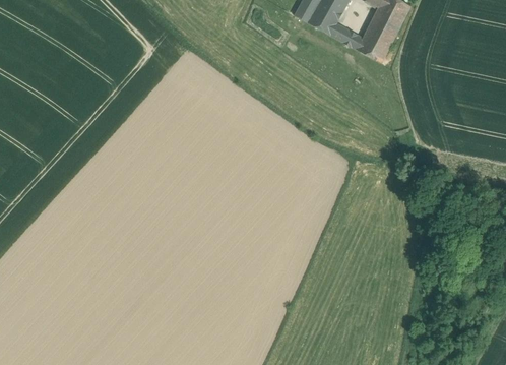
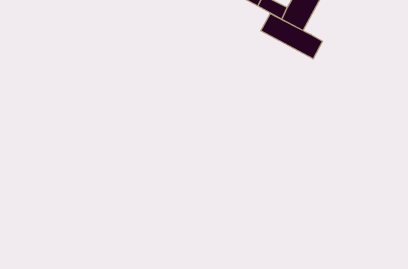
building: none -> [261,13,322,59]

